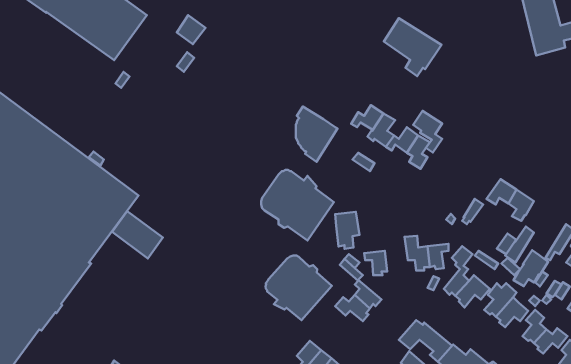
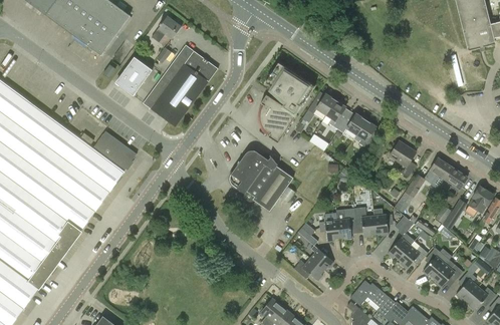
building: [384,18,441,76] -> [265,62,315,112]
building: none -> [143,44,218,126]
building: none -> [117,56,153,95]
building: [413,111,442,153] -> [391,140,416,177]
building: [112,211,163,258] -> [92,130,137,172]
building: [335,212,359,249] -> [336,208,357,240]
building: [514,250,548,286] -> [464,185,494,216]
building: [265,255,332,320] -> none

